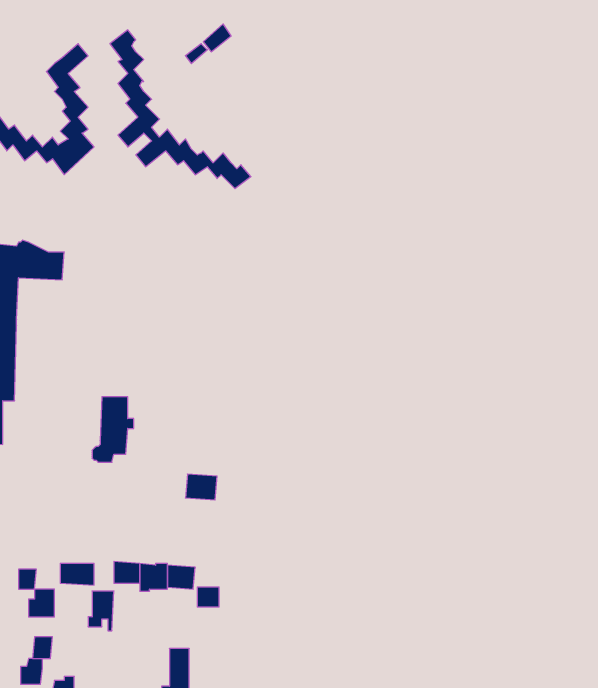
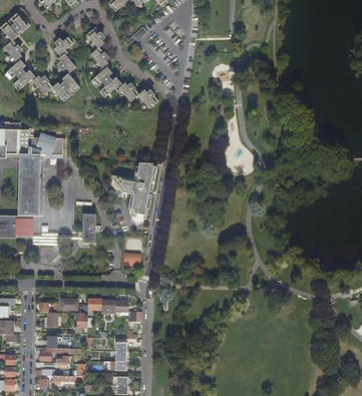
building: none -> [110,162,155,219]

